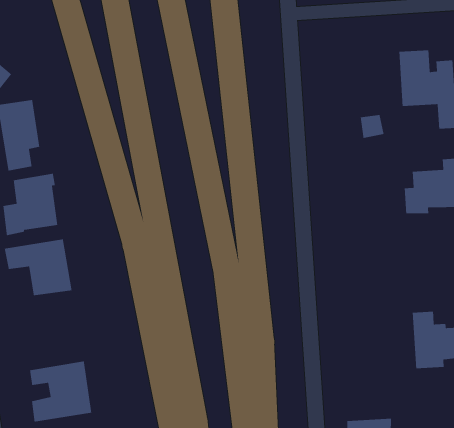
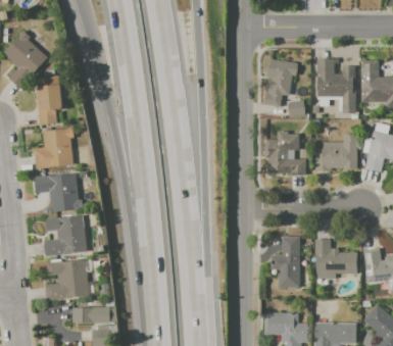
building: none -> [262,59,296,107]
building: none -> [262,131,305,175]
building: none -> [44,215,86,256]
building: none -> [271,237,299,289]

